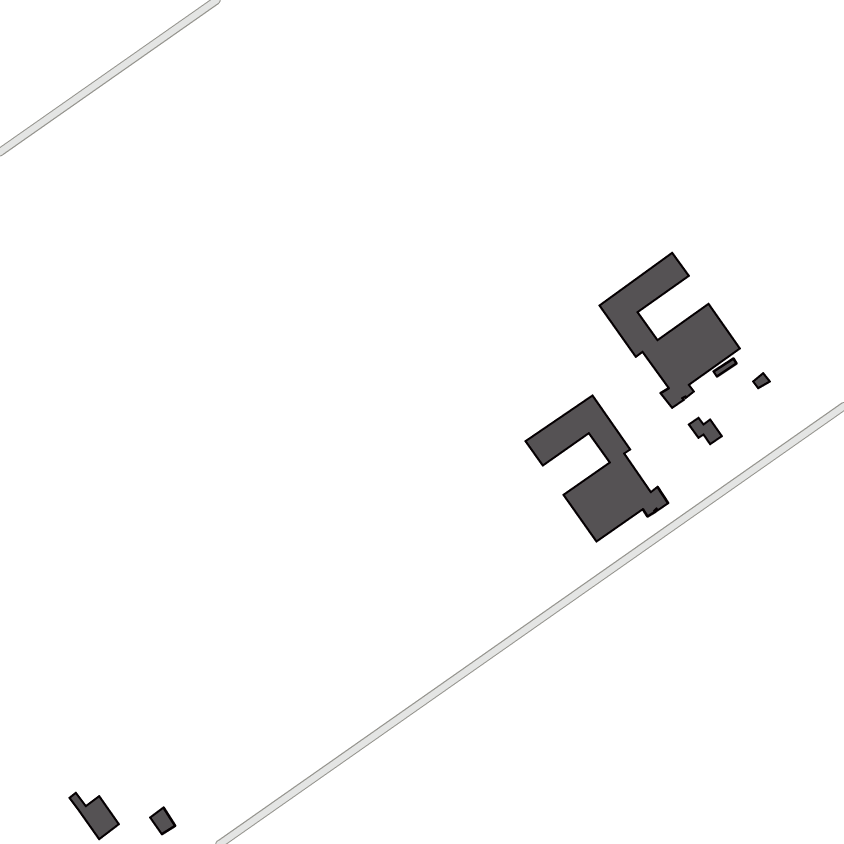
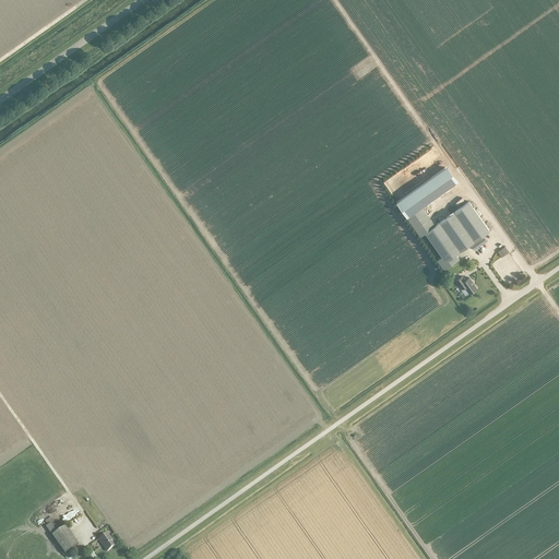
building: [526,396,668,542] -> none

